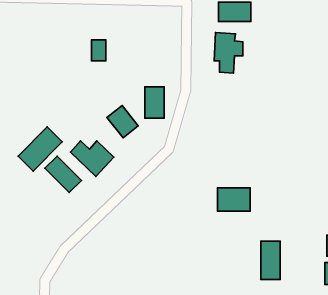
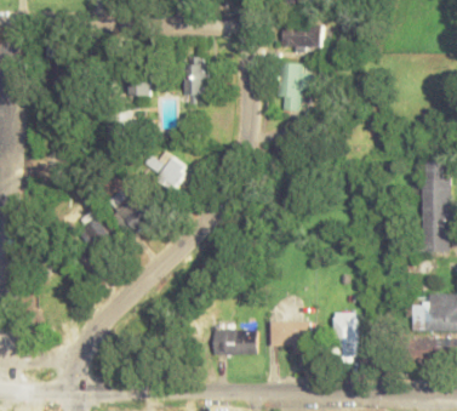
building: [145,87,164,118] -> [184,56,207,93]
building: [18,127,62,171] -> none
building: [218,188,250,211] -> [269,320,308,348]
building: none -> [211,329,253,353]

